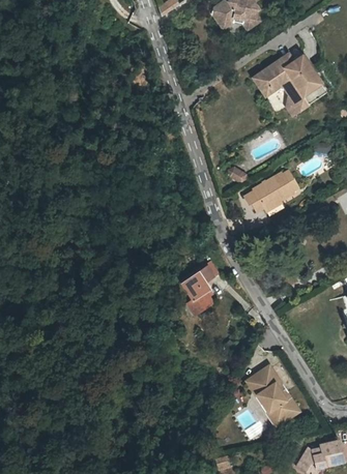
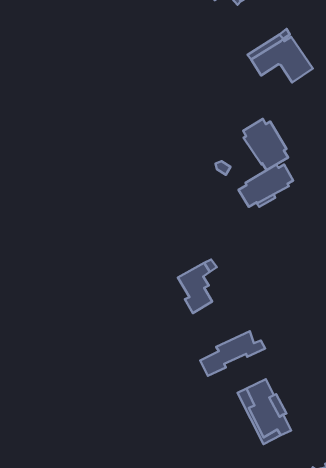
building: none -> [243,119,288,170]
building: none -> [200,331,265,376]

